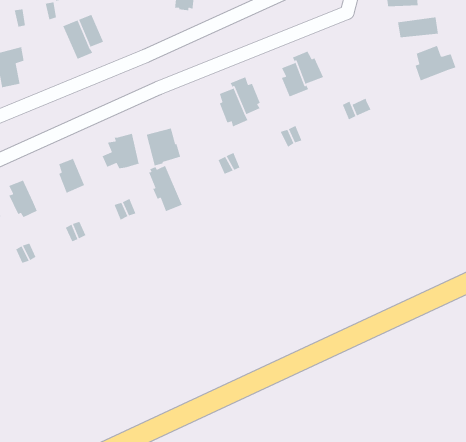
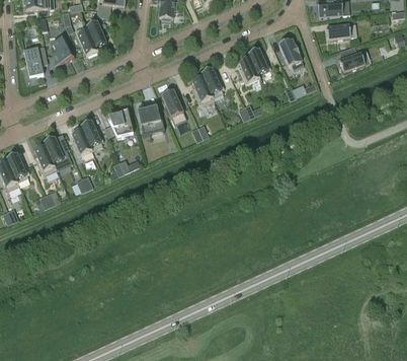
building: none -> [51,37,73,65]
building: none -> [277,38,303,69]
building: none -> [79,120,103,149]
building: [148,165,183,212] -> [160,88,186,124]
building: none -> [43,136,71,168]

